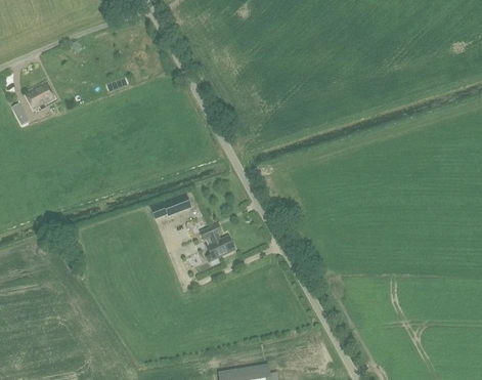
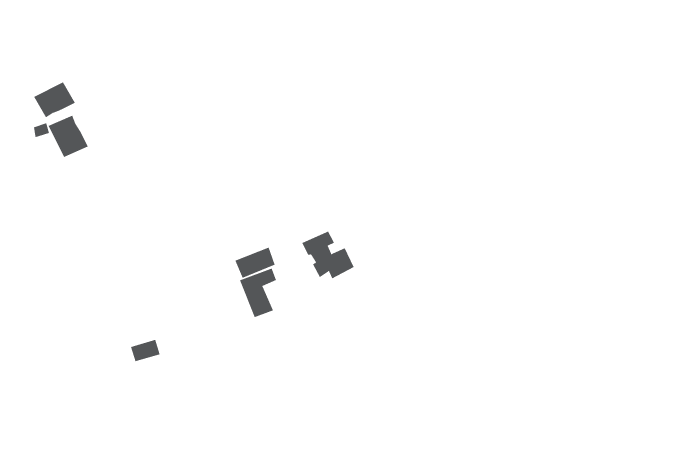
building: none -> [48,115,89,158]
building: [201,222,236,255] -> [301,231,354,279]

